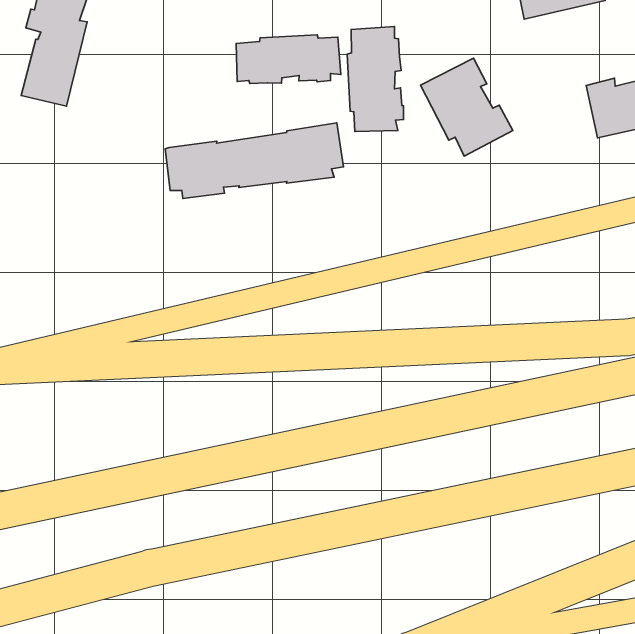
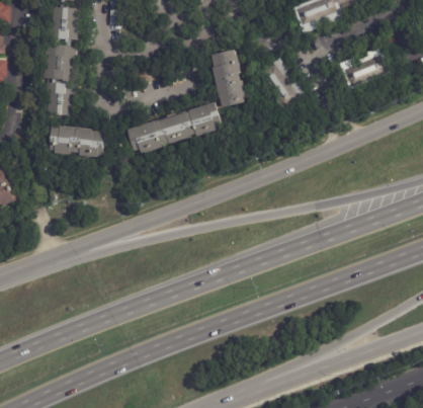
building: [236,35,341,84] -> none
building: none -> [49,127,104,158]

